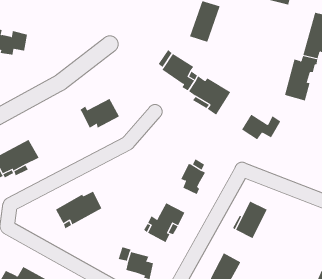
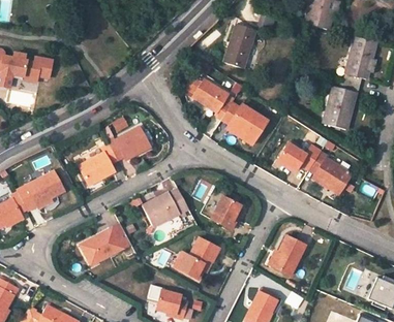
building: none -> [80,142,118,185]
building: none -> [310,150,352,194]
building: none -> [143,187,189,227]

